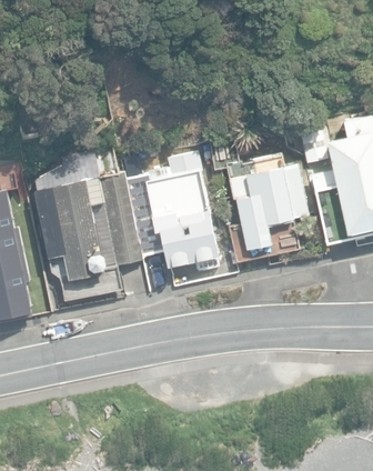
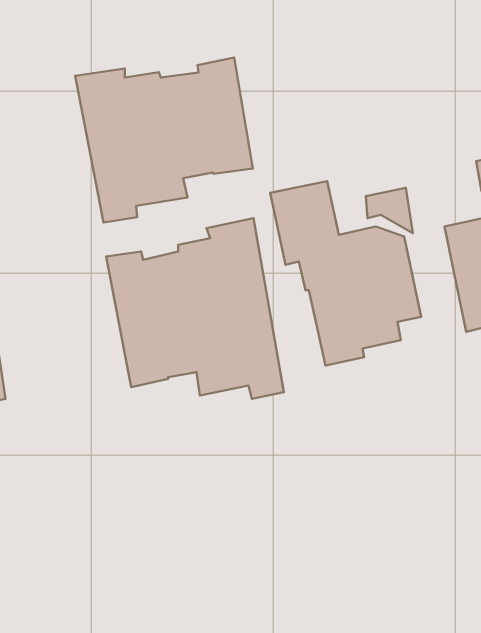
building: none -> [75,58,253,223]
building: [36,153,104,280] -> none

